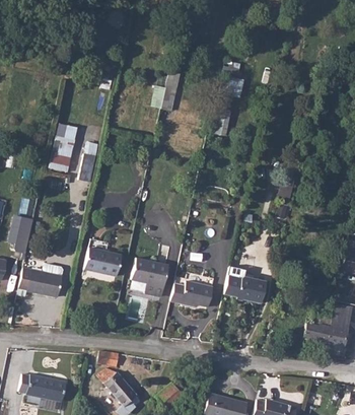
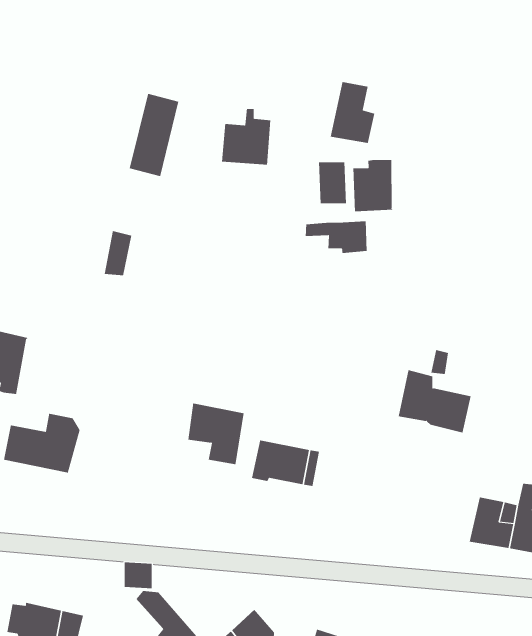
building: none -> [353,159,394,212]
building: [49,124,79,175] -> [129,93,179,177]
building: none -> [305,221,367,254]
building: [83,246,119,274] -> none
building: [225,263,270,301] -> [398,369,472,433]

